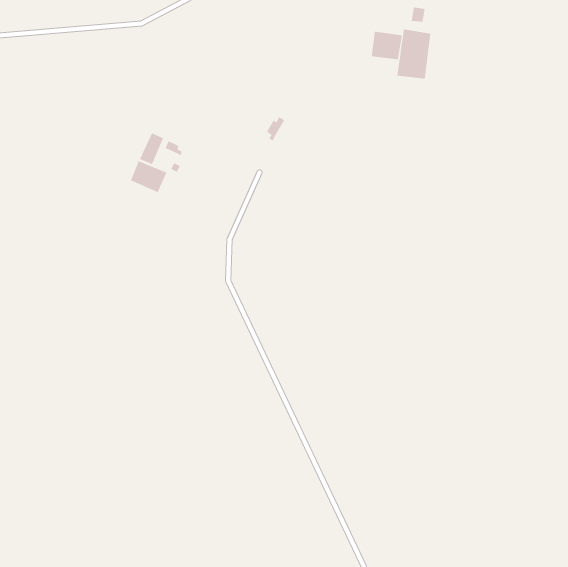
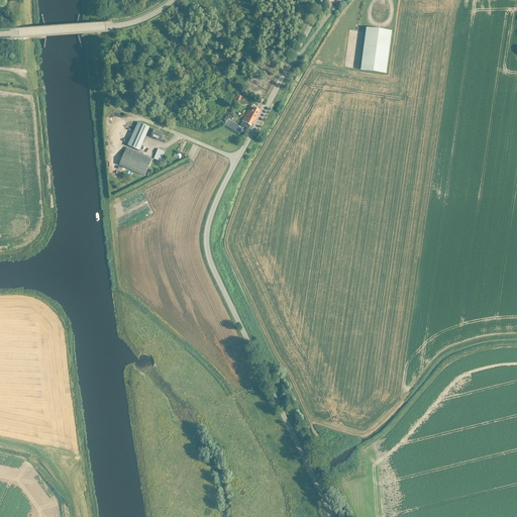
building: [371,31,402,60] -> none

